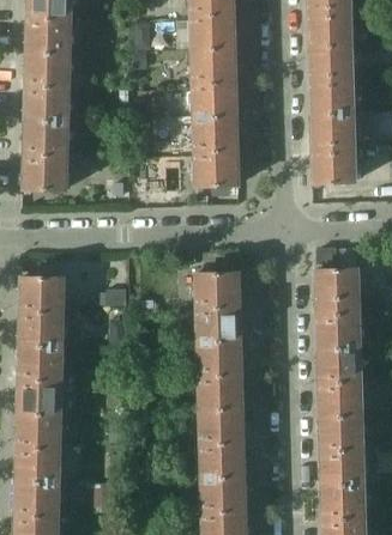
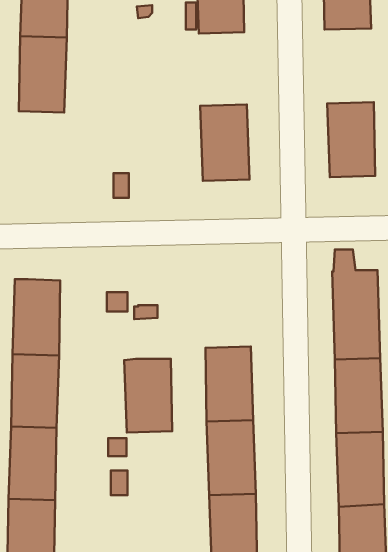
building: [308,45,354,115] -> none
building: [192,49,236,117] -> none
building: [23,122,67,190] -> none
building: [195,273,240,341] -> [124,359,172,432]

